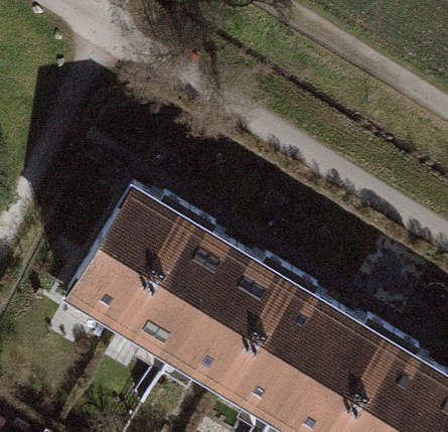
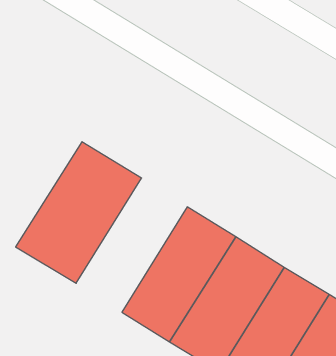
building: [125,222,245,367] -> none

